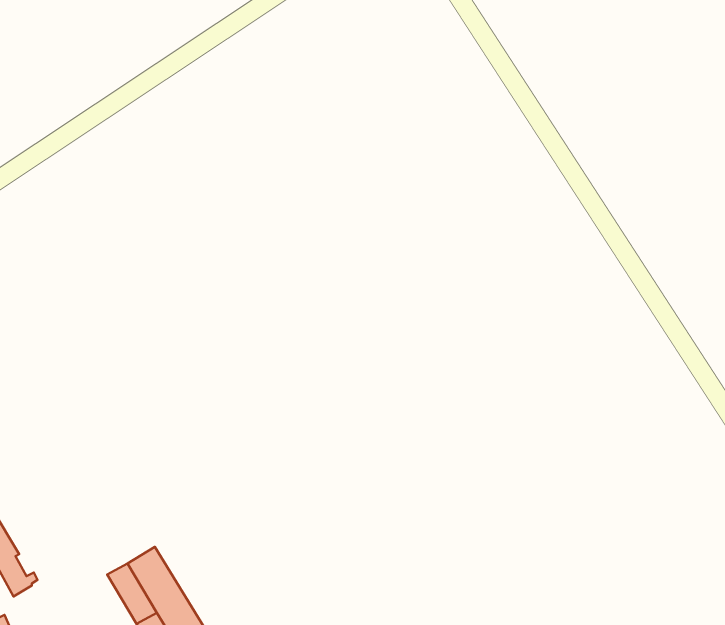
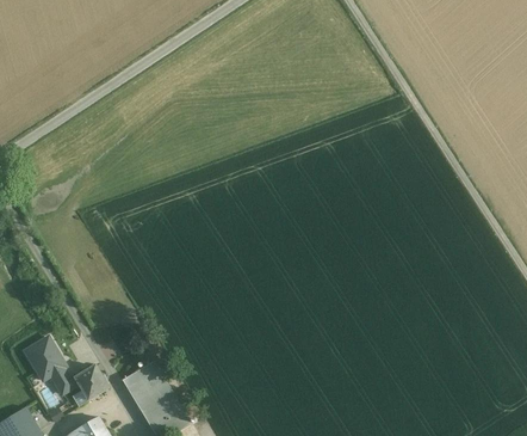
building: none -> [74,367,108,401]

